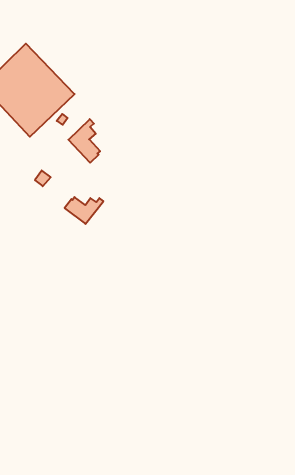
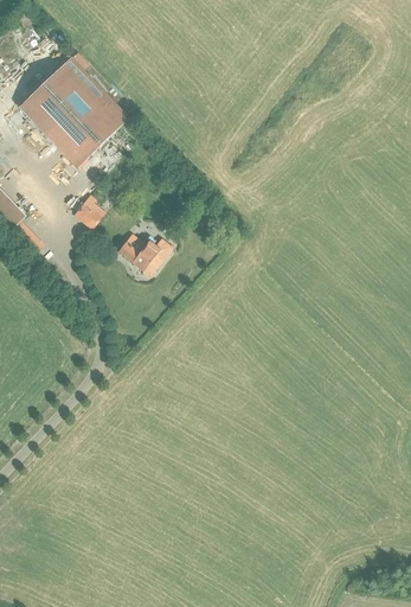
building: [68,119,100,163] -> none

